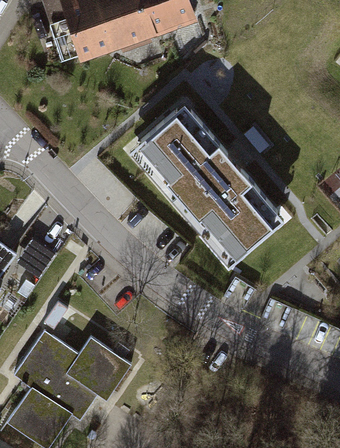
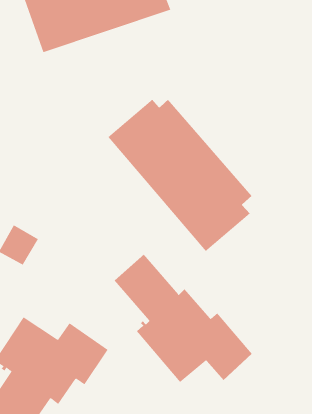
building: none -> [114,254,253,383]

